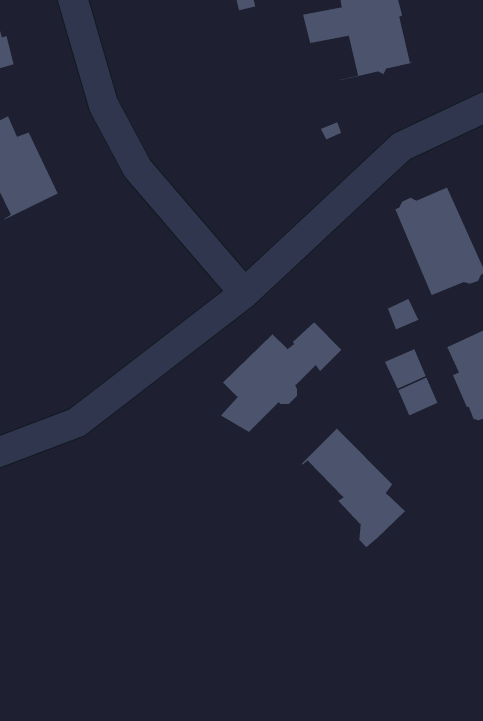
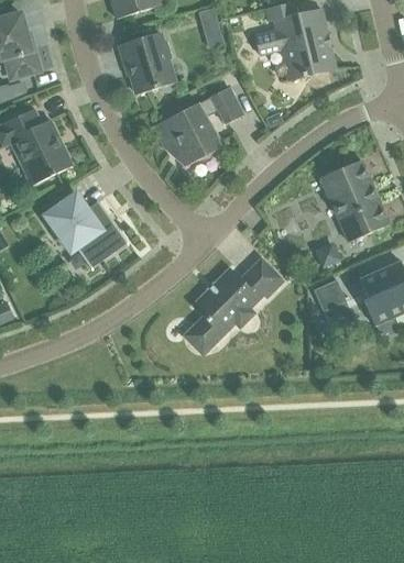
building: none -> [117,33,174,95]
building: none -> [151,87,242,168]
building: none -> [45,195,128,269]
building: [301,428,406,548] -> none

